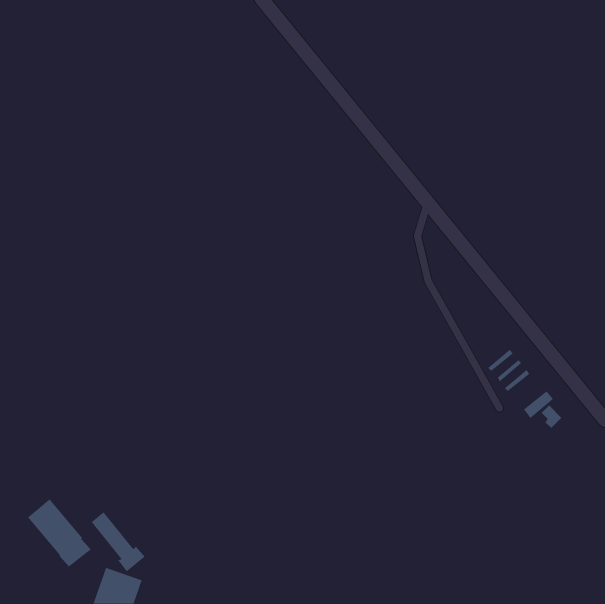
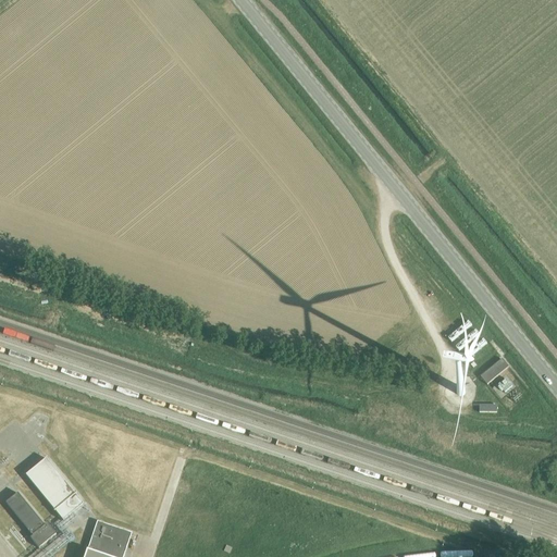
building: [91,512,145,572] -> [5,492,55,547]

